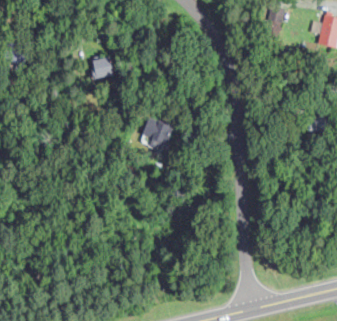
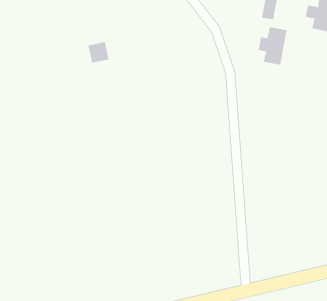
building: none -> [258,26,287,65]
building: [142,118,171,152] -> none

